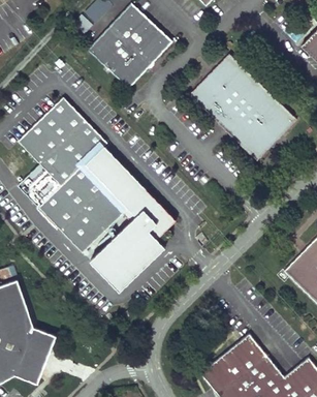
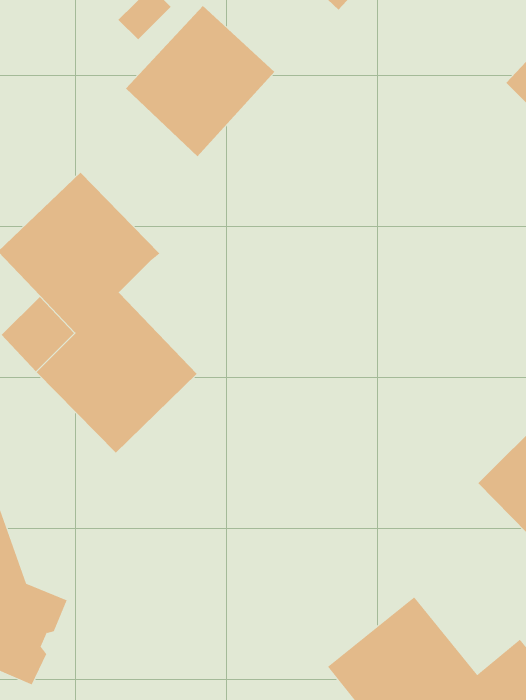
building: [189,52,298,159] -> none
building: [82,146,176,298] -> none

